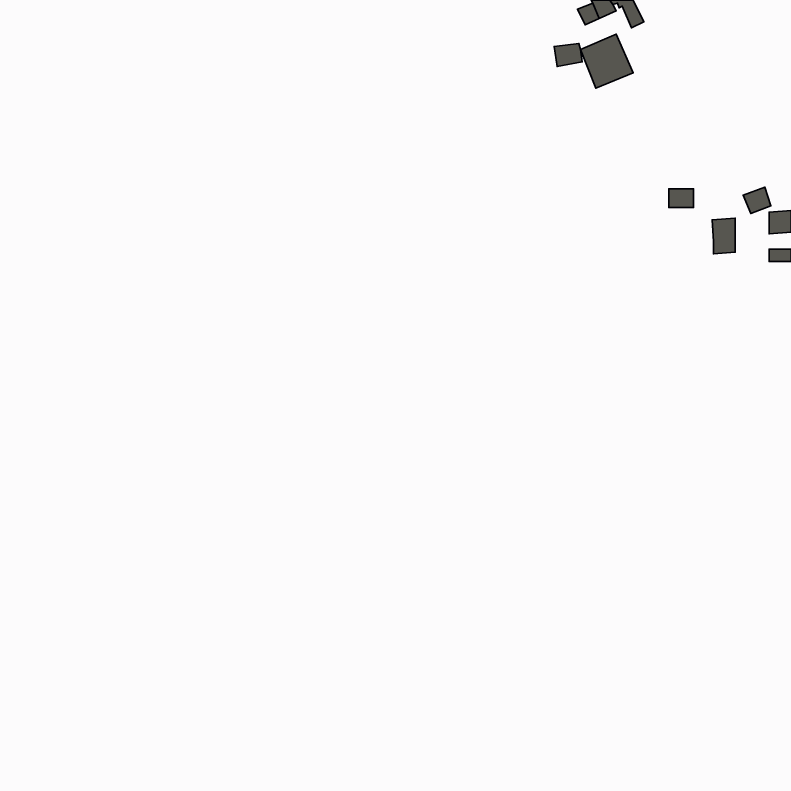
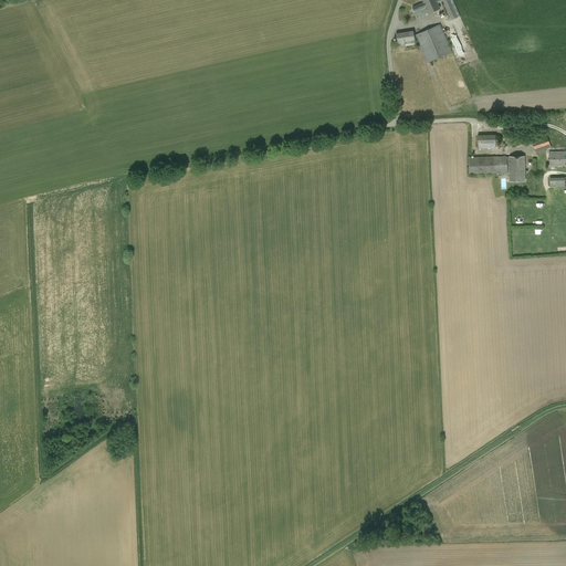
building: none -> [469,156,510,175]

